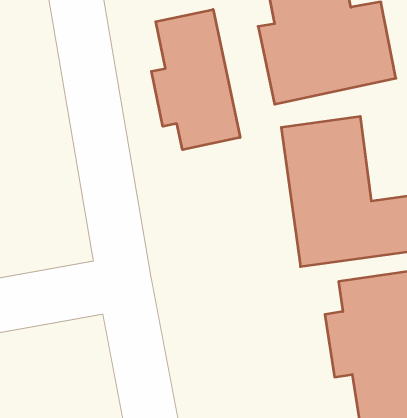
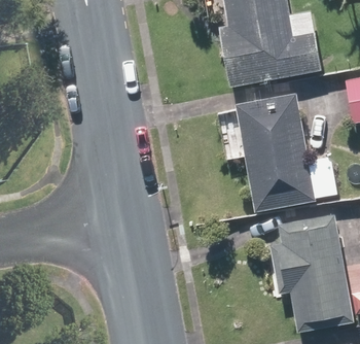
building: [151,9,240,150] -> none

